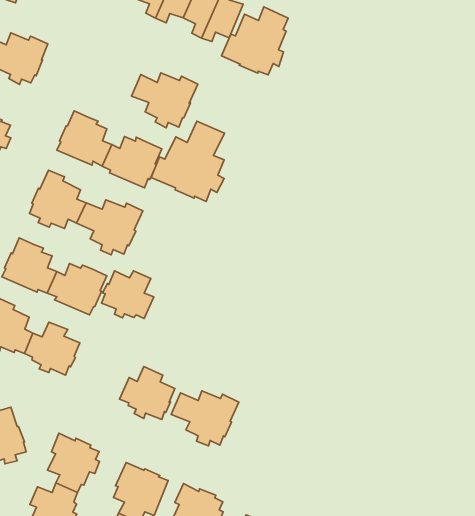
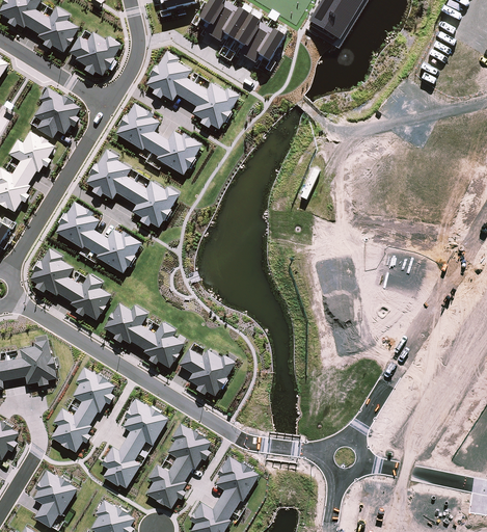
building: [222,7,288,75] -> none
building: none -> [145,52,193,101]
building: [151,121,224,202] -> none
building: [101,271,154,319] -> [104,303,147,346]

